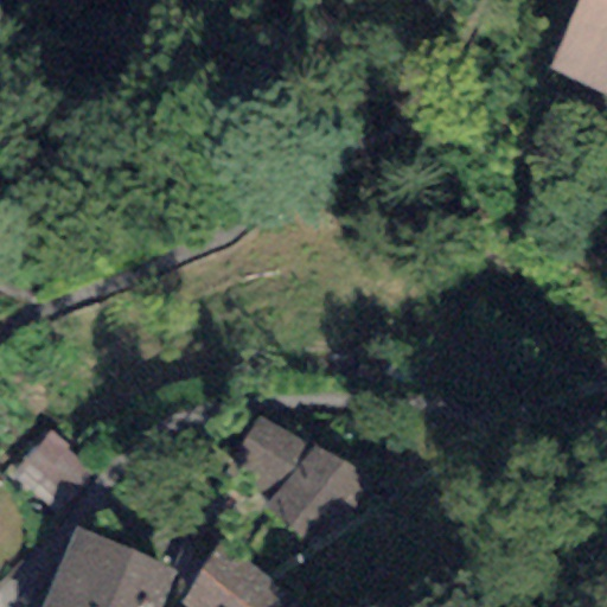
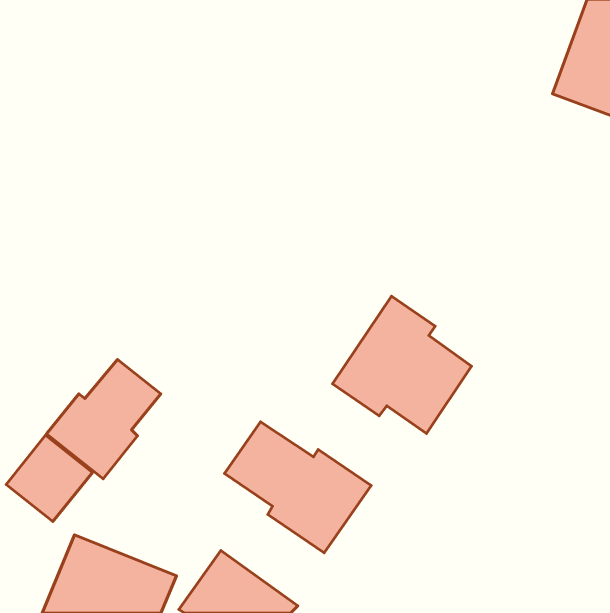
building: none -> [333,296,472,433]
building: none -> [47,359,161,479]

